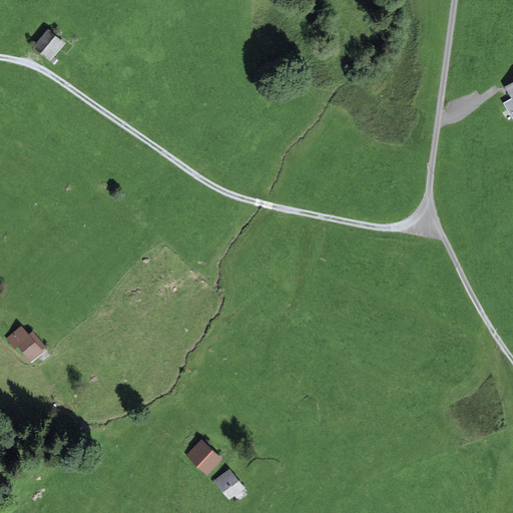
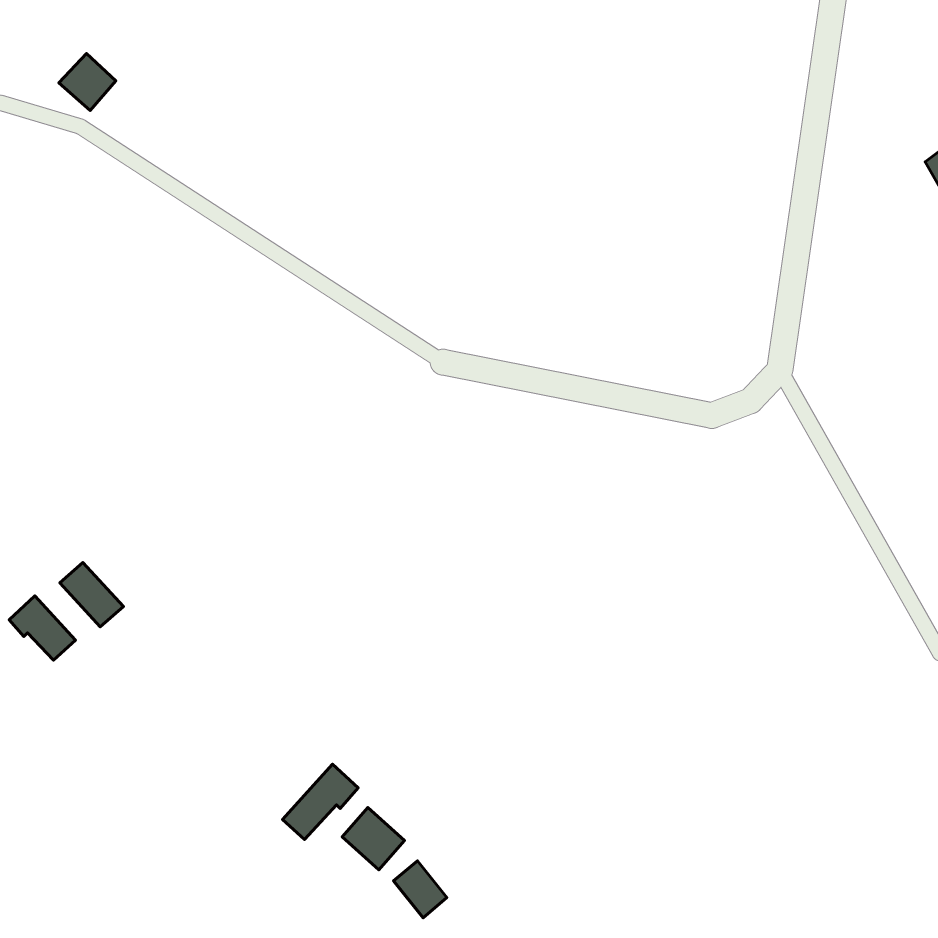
building: none -> [60,562,123,627]
building: none -> [282,764,358,840]

